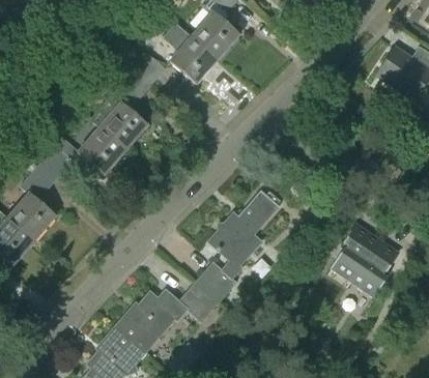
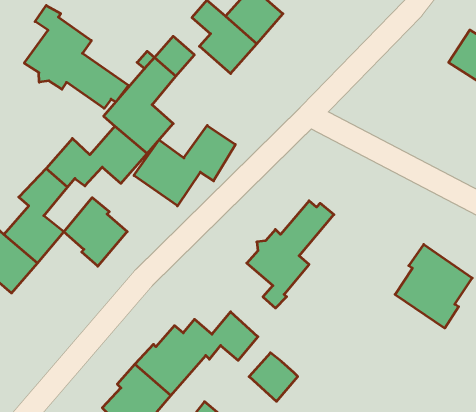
building: none -> [24,5,128,108]
building: none -> [134,125,235,206]
building: none -> [64,198,127,266]
building: [195,262,235,302] -> [249,353,298,401]

